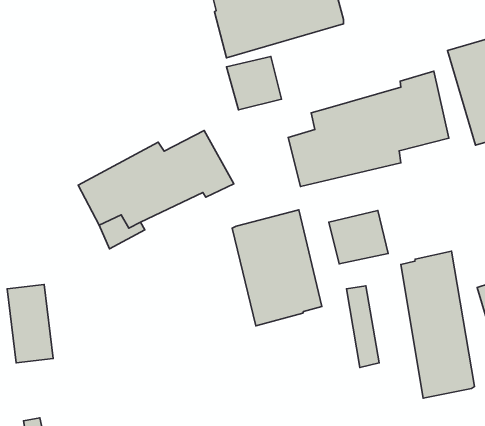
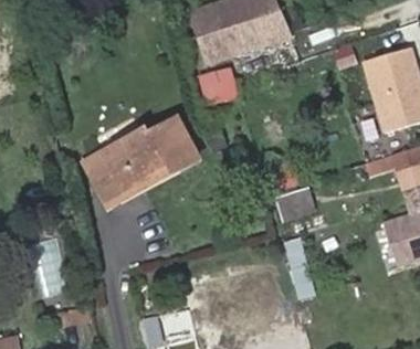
building: [288,71,449,187] -> none
building: [232,210,322,326] -> none
building: [401,251,475,398] -> none

